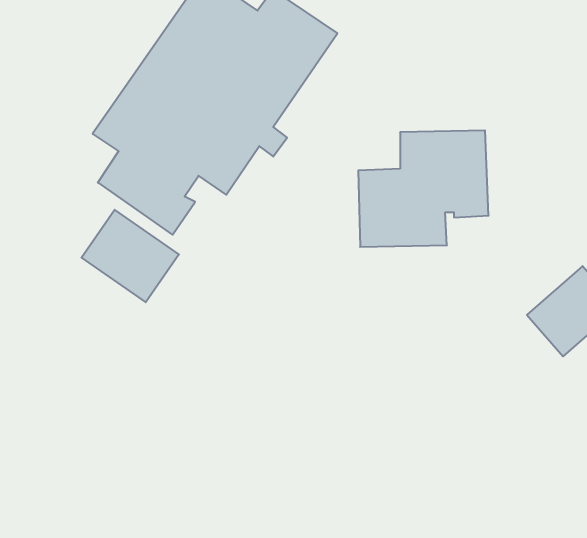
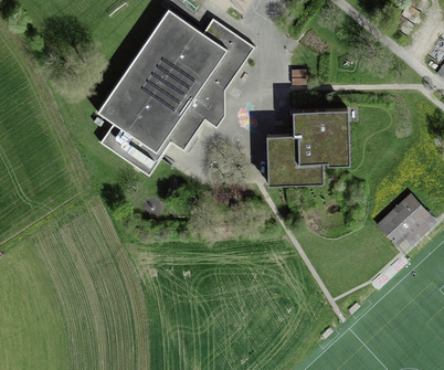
building: [81,210,179,302] -> none

